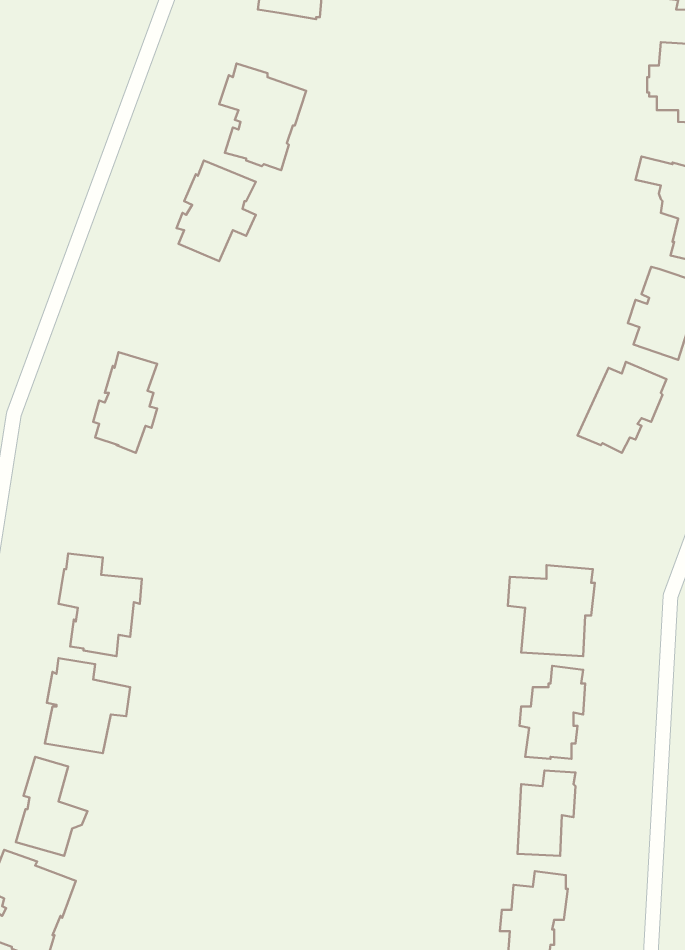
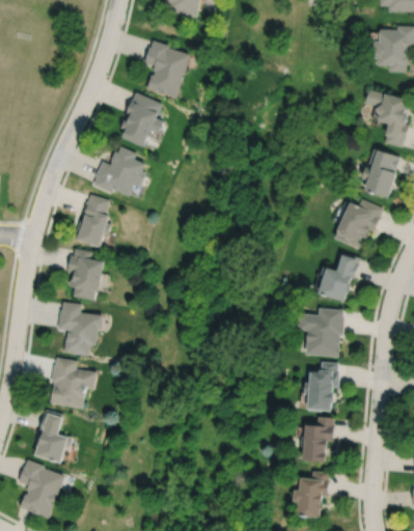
building: none -> [92,146,146,196]
building: none -> [66,248,104,301]
building: none -> [320,253,361,302]

